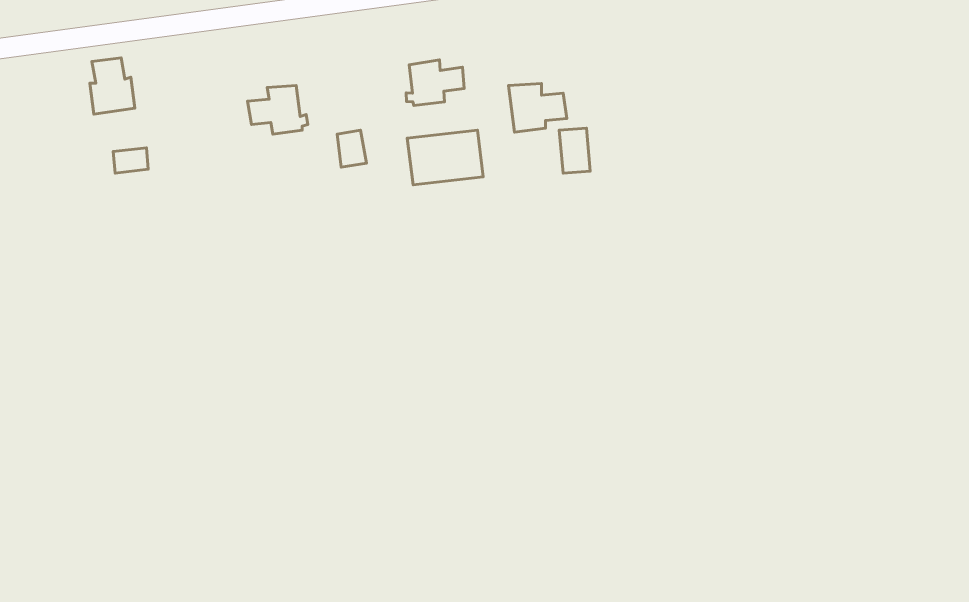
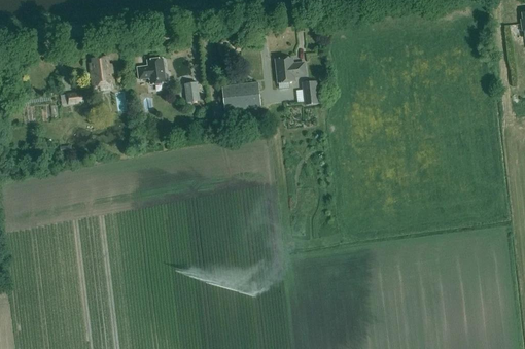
building: [90,58,135,114] -> [91,56,114,85]
building: [406,60,464,105] -> none

